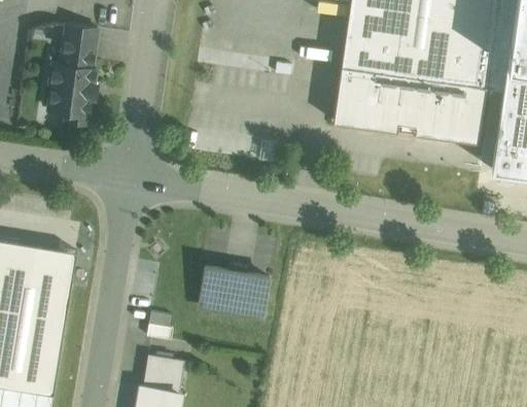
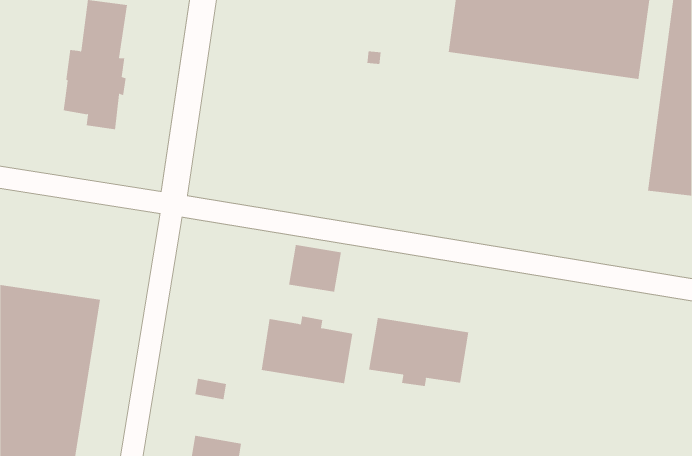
building: [333,66,486,143] -> none
building: none -> [288,244,342,293]
building: none -> [369,317,469,387]

